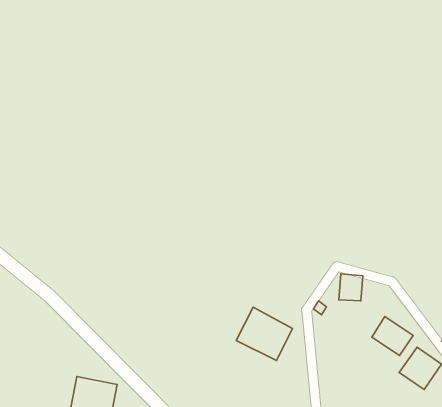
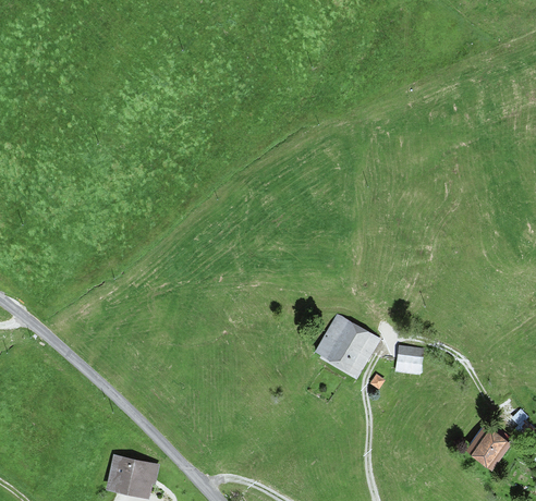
building: [236,307,293,361] -> [316,317,377,375]
building: [372,316,413,355] -> none

